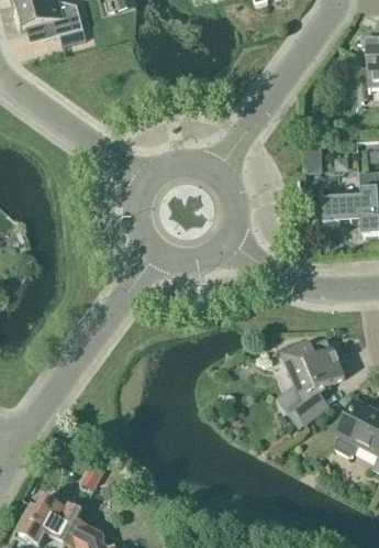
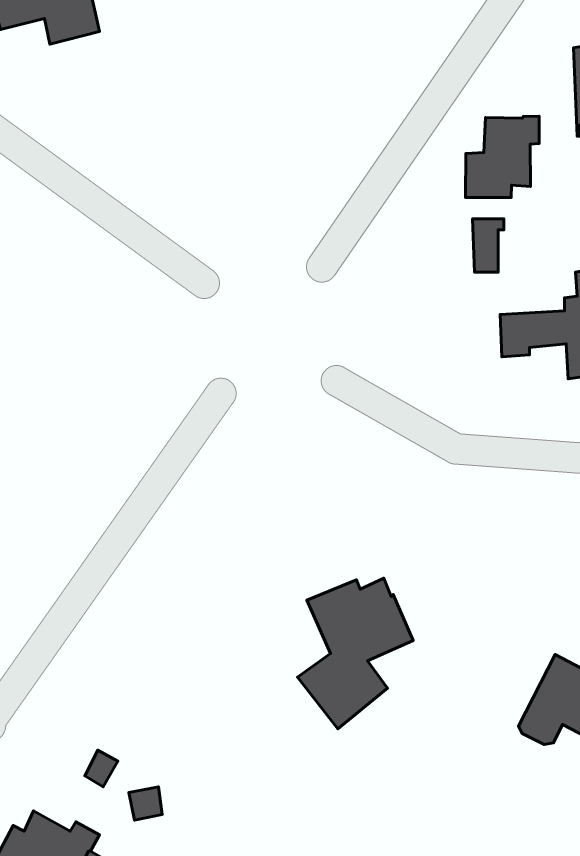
building: none -> [465,116,539,198]
building: [275,338,344,428] -> [298,578,413,729]

